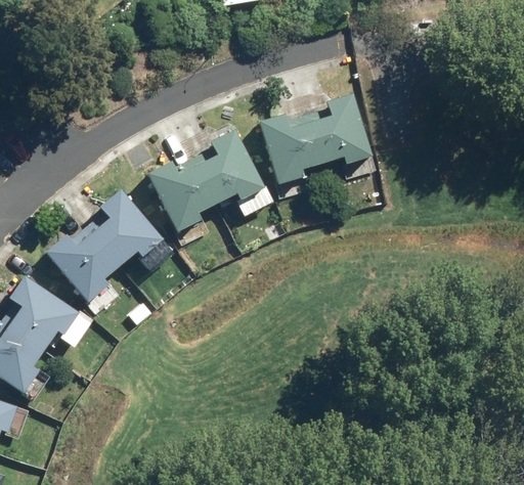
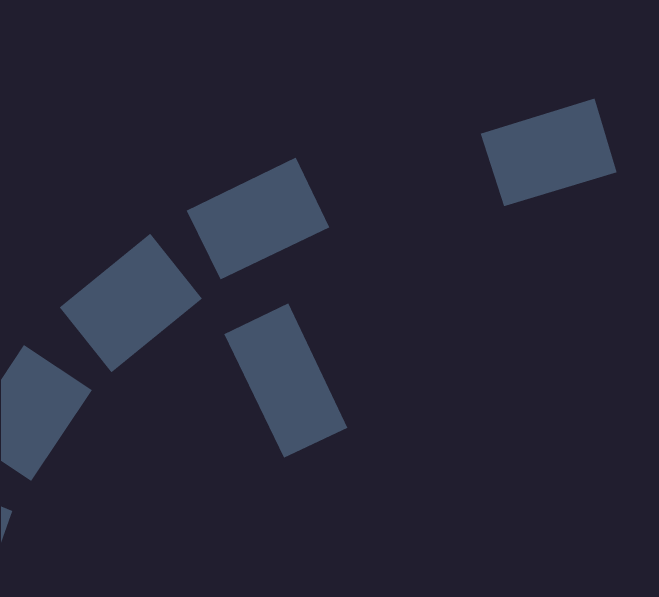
building: [261,96,368,181] -> [480,98,617,207]
building: none -> [223,302,348,458]

